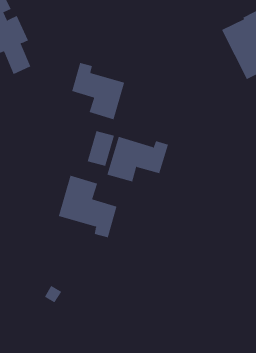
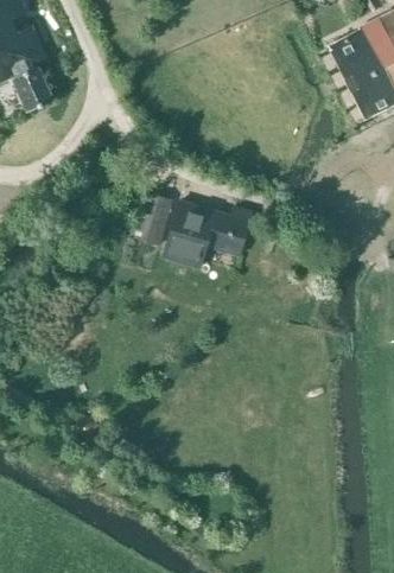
building: [71,62,125,120] -> none
building: [58,175,117,238] -> none

